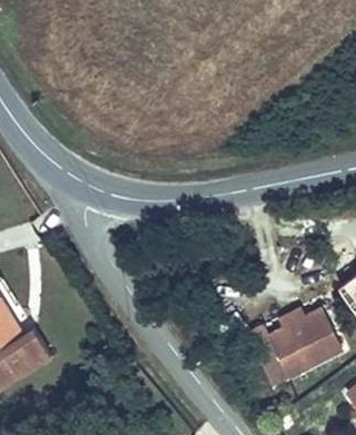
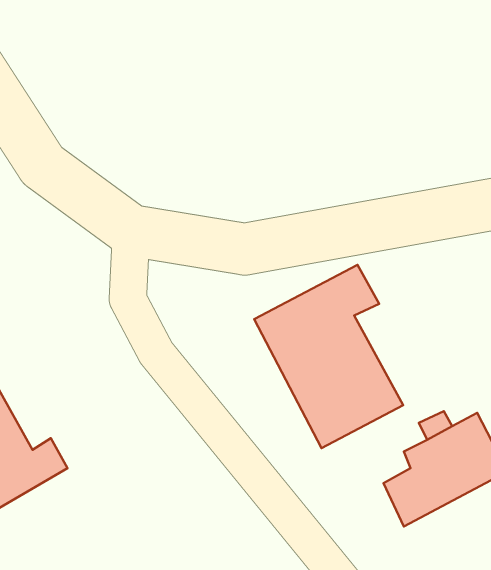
building: none -> [254,265,403,448]

